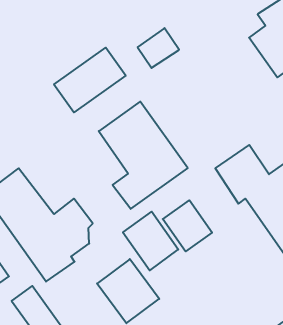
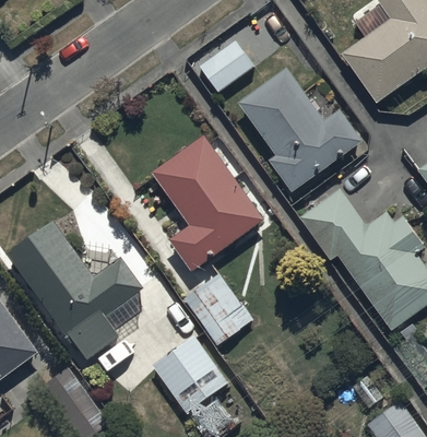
building: [54,48,126,112] -> none
building: none -> [237,68,364,192]
building: [163,200,212,251] -> none

